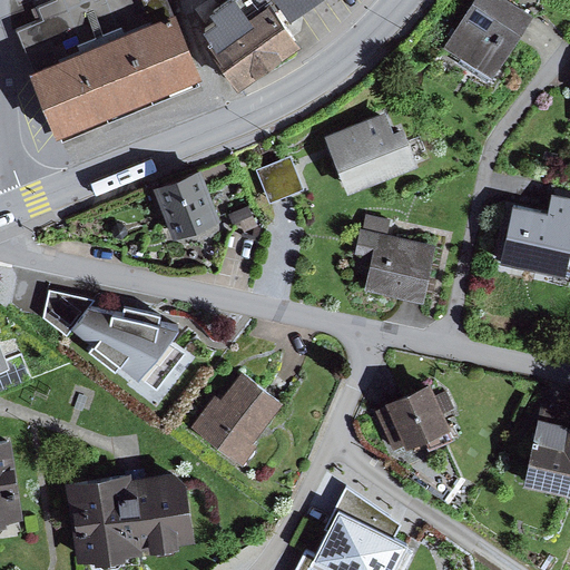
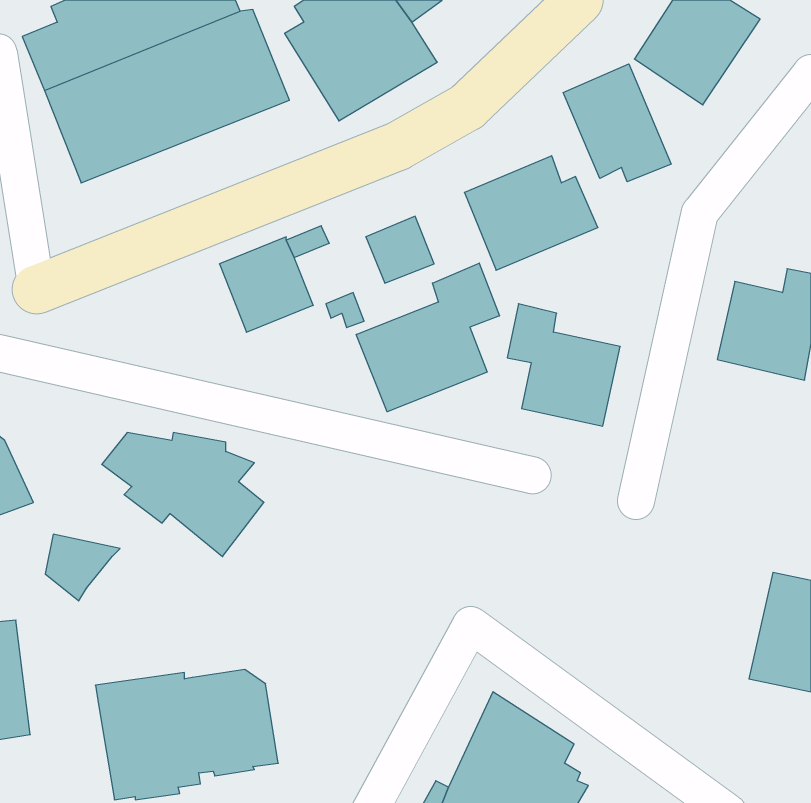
building: none -> [563,64,671,182]
building: none -> [356,263,499,412]
building: [42,294,95,341] -> [45,534,120,601]
building: [190,373,282,466] -> none
building: [374,384,456,458] -> none

